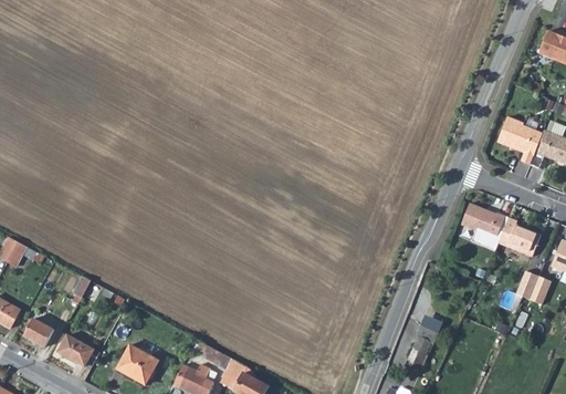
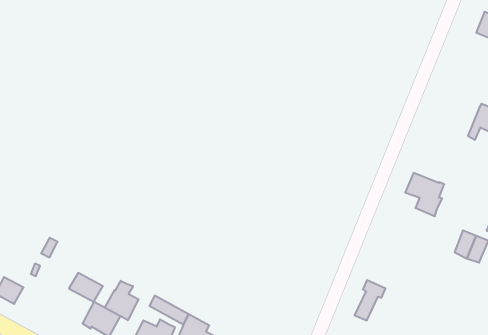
building: [497,118,543,166] -> none
building: [497,219,541,259] -> none
building: none -> [105,281,139,320]
building: [57,334,94,365] -> [69,273,103,302]

